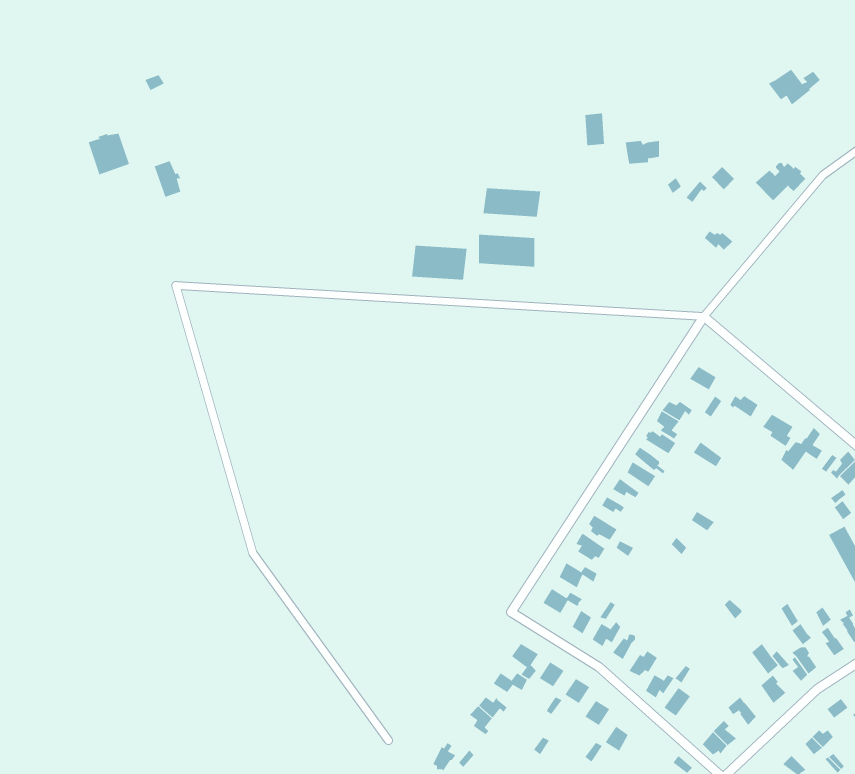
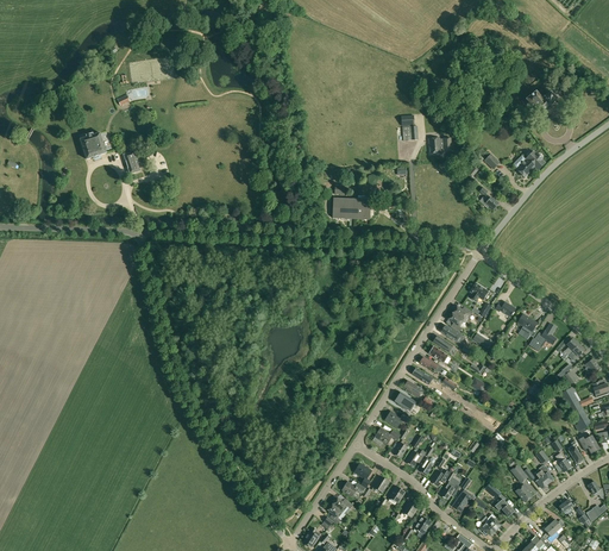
building: [483,187,541,217] -> none
building: [411,245,467,280] -> none

